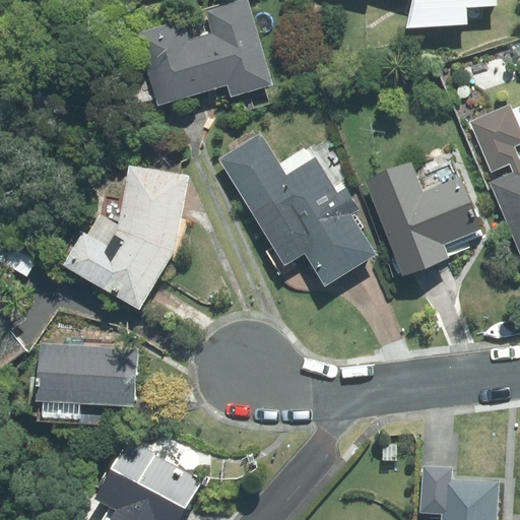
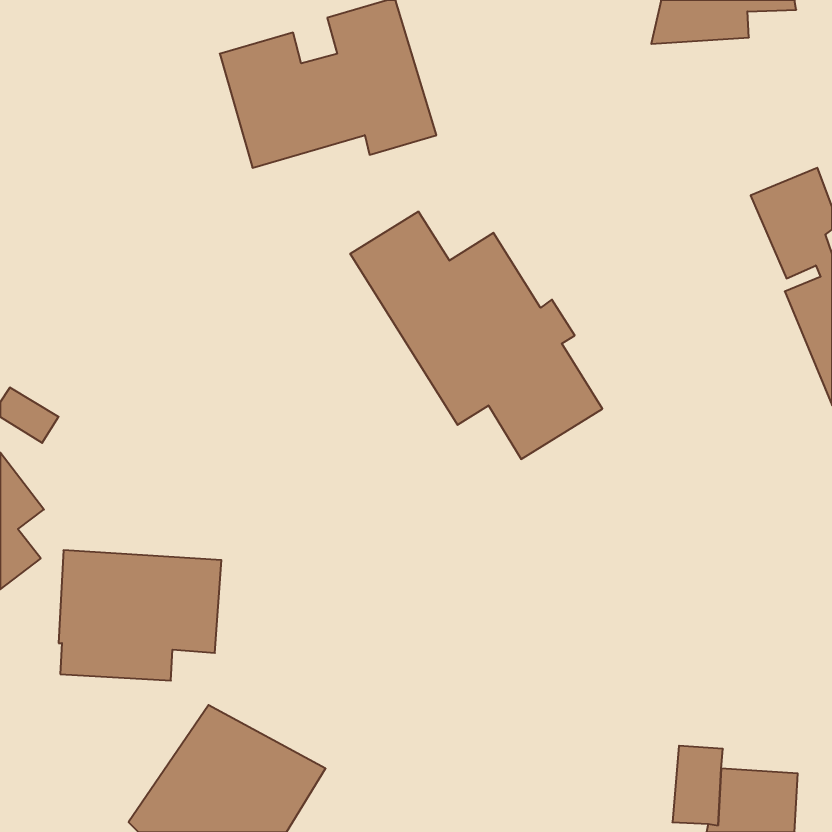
building: [367,162,482,274] -> none
building: [64,167,187,309] -> none

